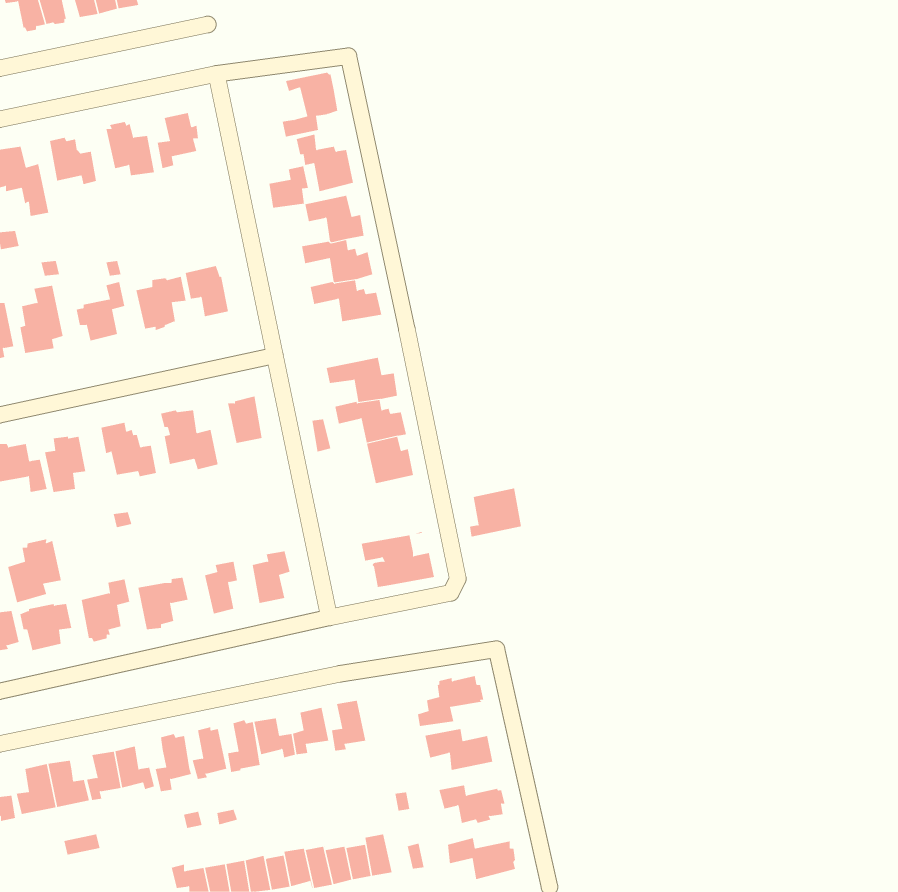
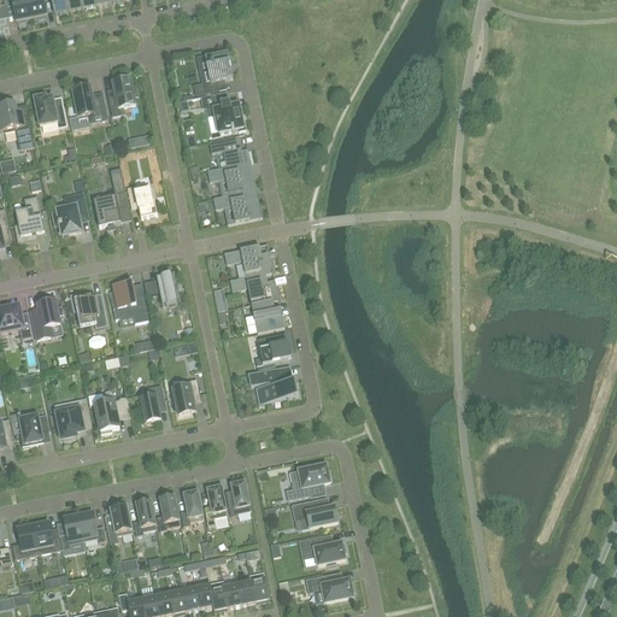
building: [269,166,308,209] -> none
building: [469,488,522,537] -> [254,331,290,365]
building: [8,539,62,603] -> none

